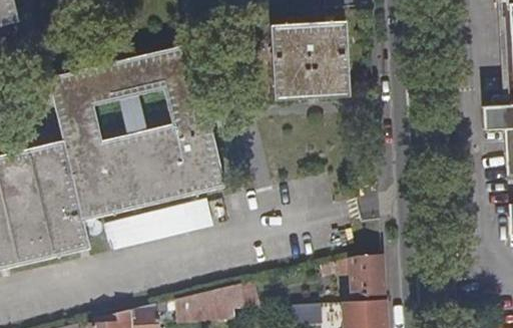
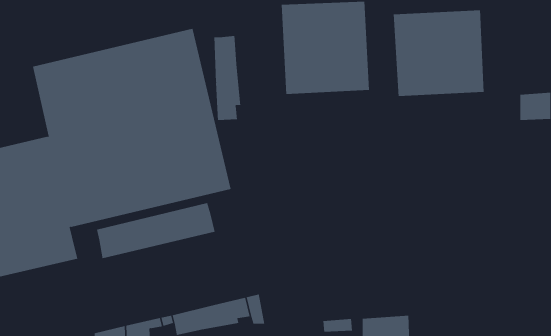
building: none -> [393,10,484,97]
building: none -> [214,35,241,121]
building: [349,254,385,296] -> none

